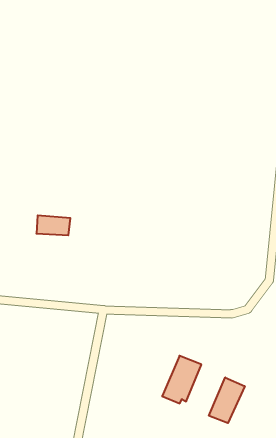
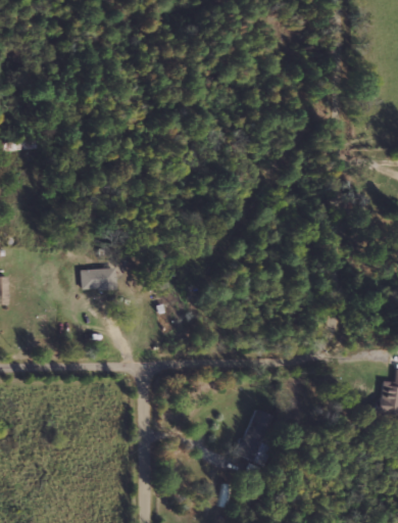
building: [209,377,245,423] -> none

